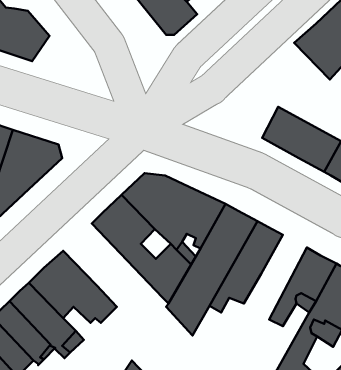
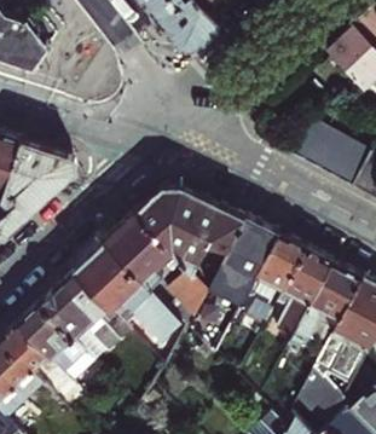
building: none -> [75,242,180,337]
building: none -> [278,254,332,343]

